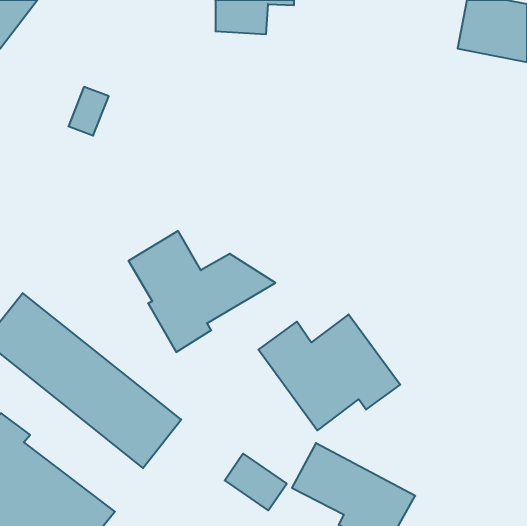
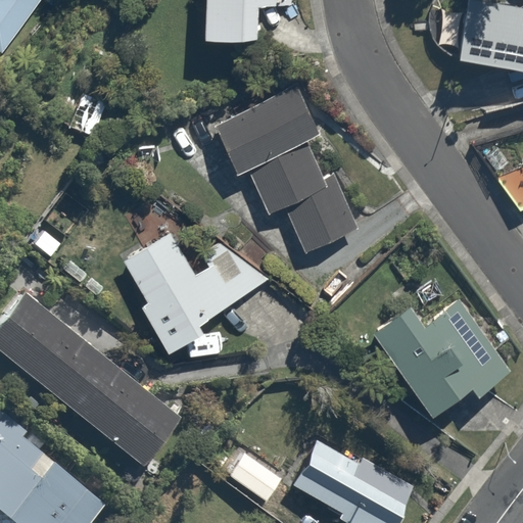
building: none -> [219,85,356,254]
building: [258,314,400,430] -> [375,298,515,413]

